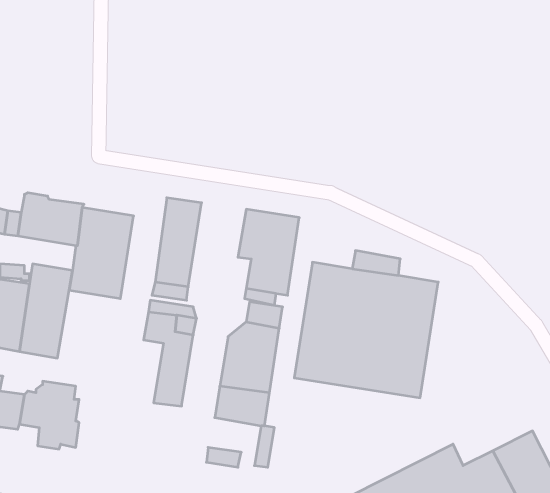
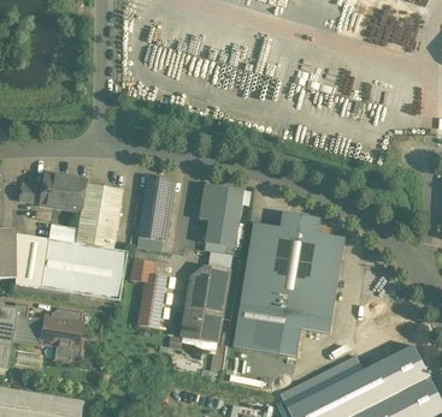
building: none -> [67,243,128,299]
building: none -> [232,306,331,357]

